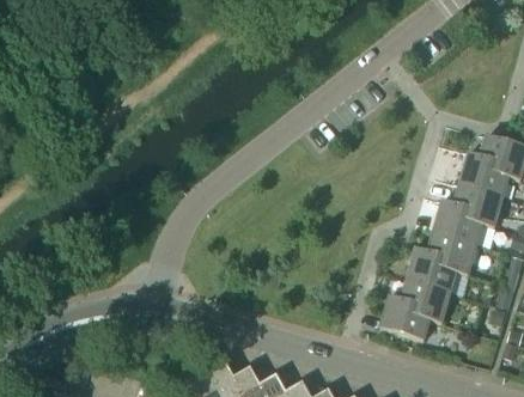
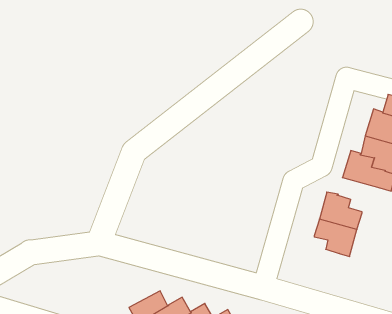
building: [427,231,476,275] -> none
building: [380,294,429,340] -> none

